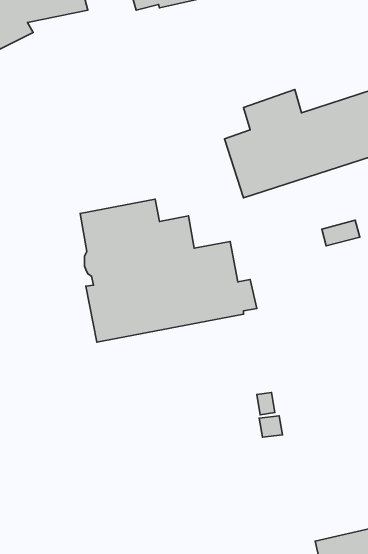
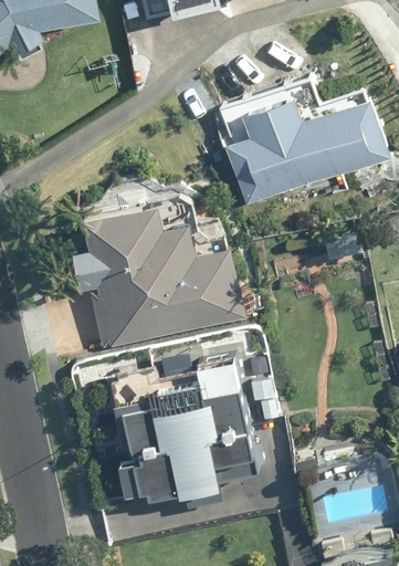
building: none -> [113,358,258,500]

